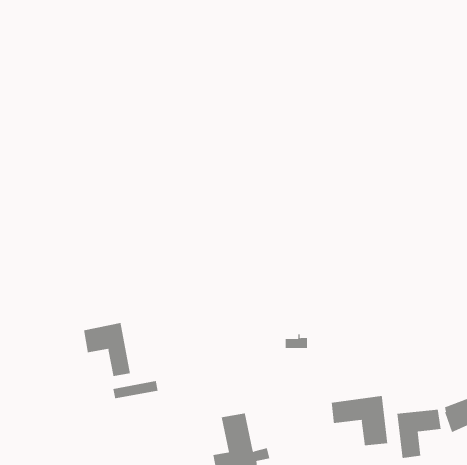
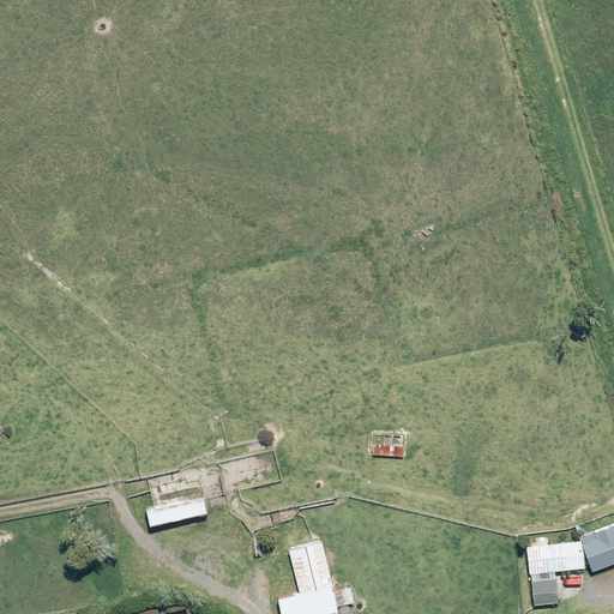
building: [83,322,130,377] -> none
building: [331,395,388,446] -> none

